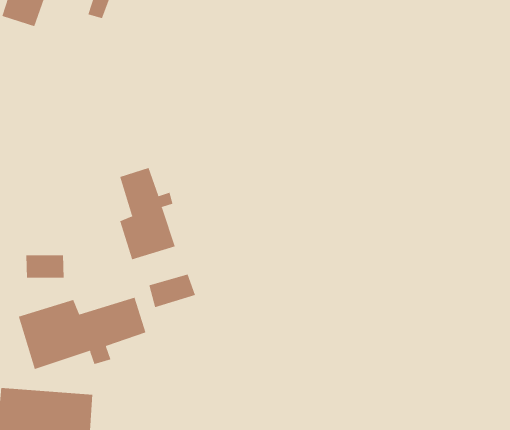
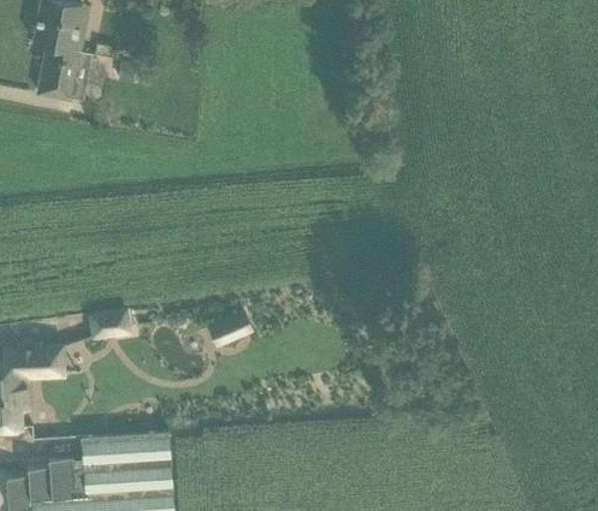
building: [119,167,176,260] -> none
building: [18,297,146,370] -> none

